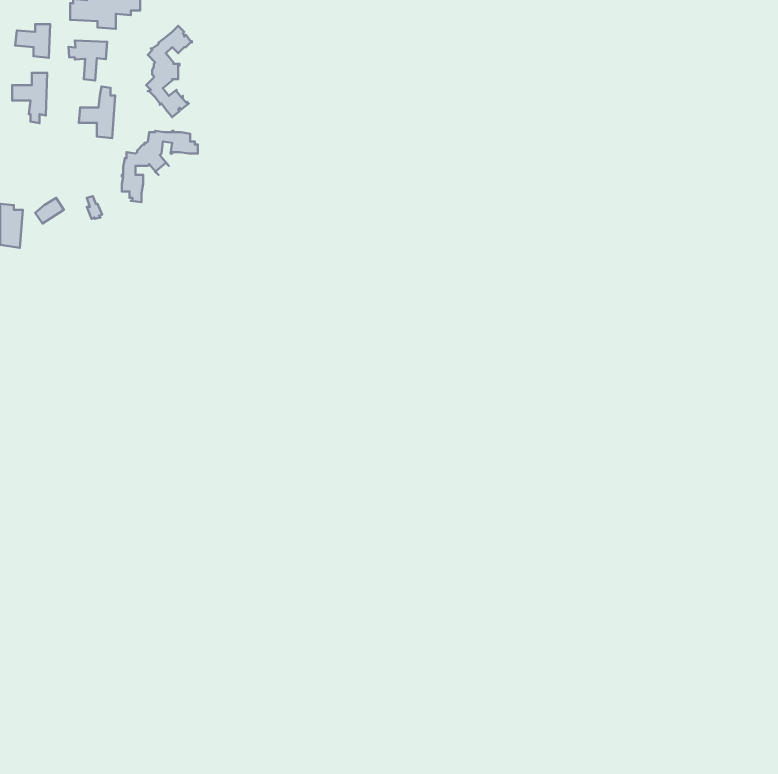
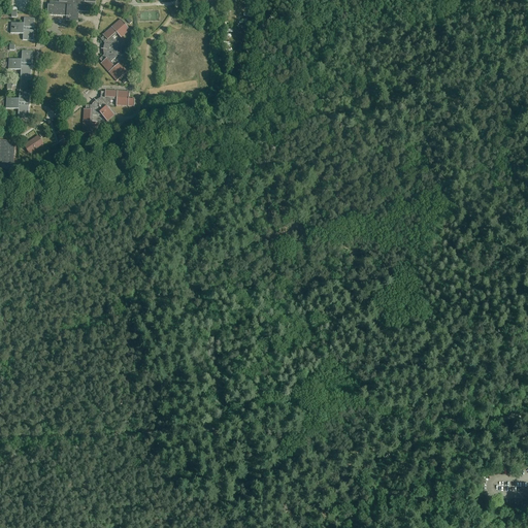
building: [69,40,107,80] -> none
building: [79,86,115,138] -> [5,82,30,118]

